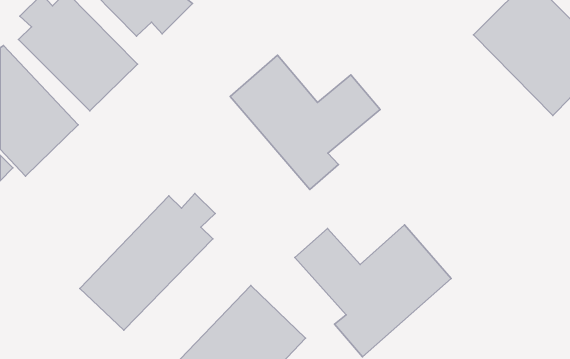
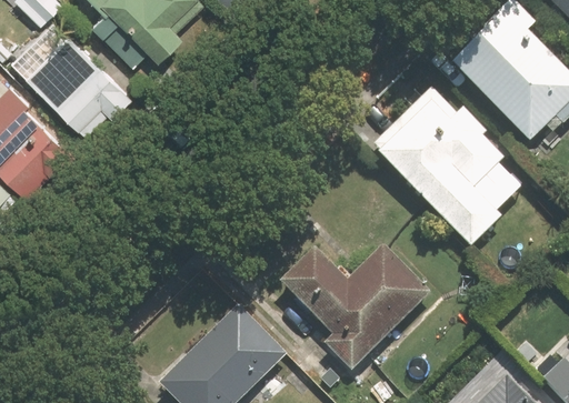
building: [230,55,380,190] -> none
building: none -> [371,85,525,248]
building: [80,194,215,330] -> none

